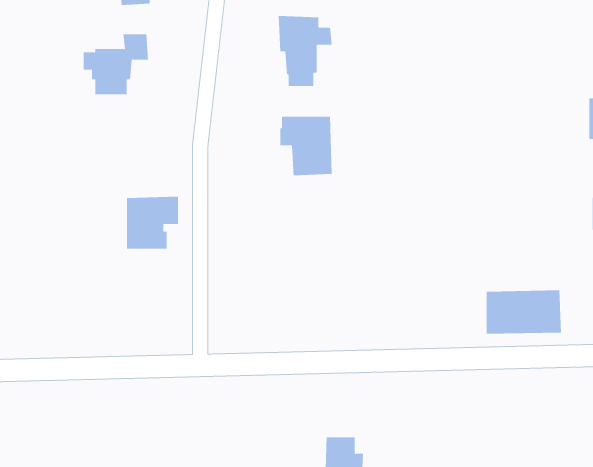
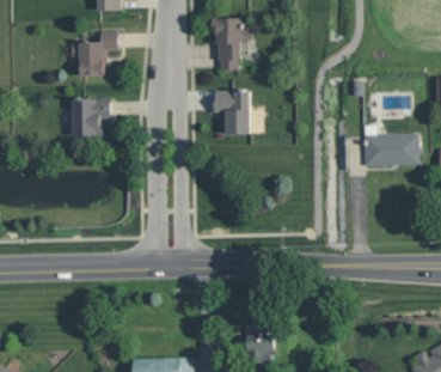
building: [126,196,179,249] -> [72,98,110,136]
building: [486,290,562,334] -> [363,134,418,166]

